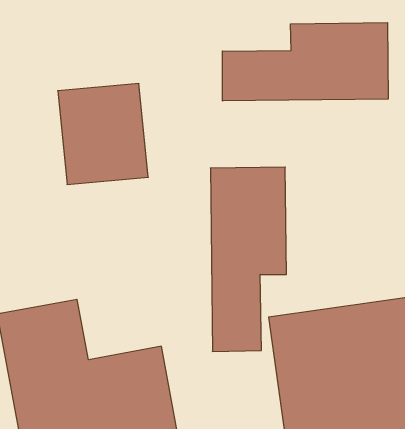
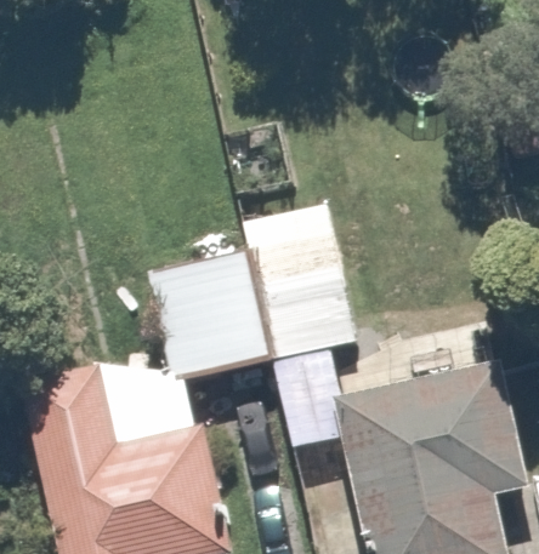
building: [222,23,388,101] -> none
building: [58,84,148,185] -> [159,263,265,381]

